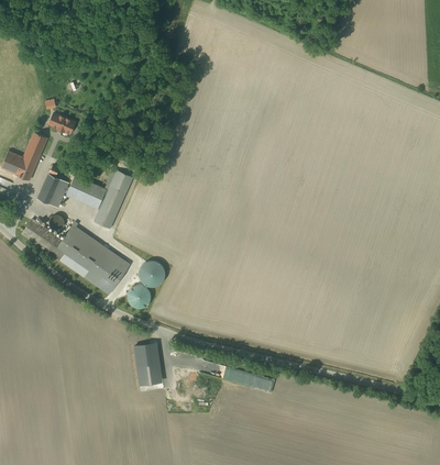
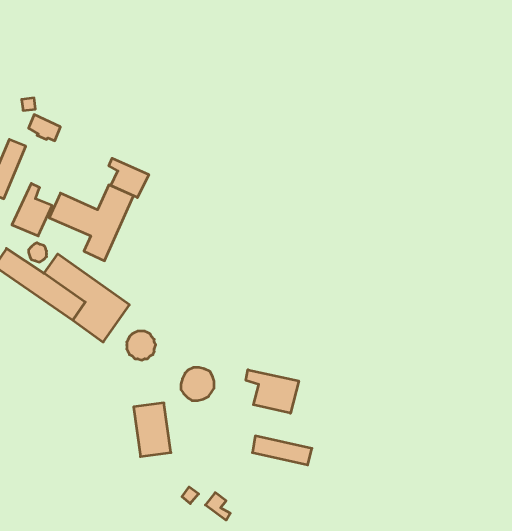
building: none -> [109,158,149,198]
building: [139,261,165,287] -> [181,367,214,401]
building: none -> [246,370,299,413]

